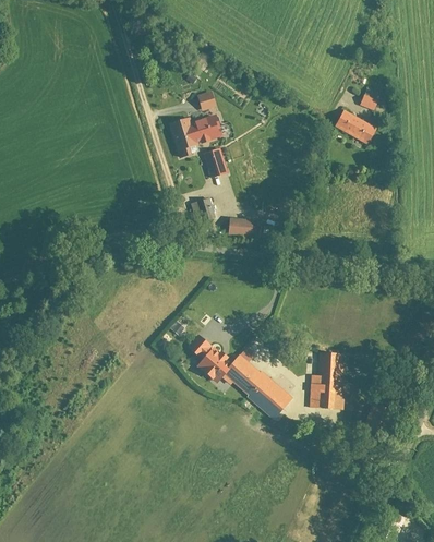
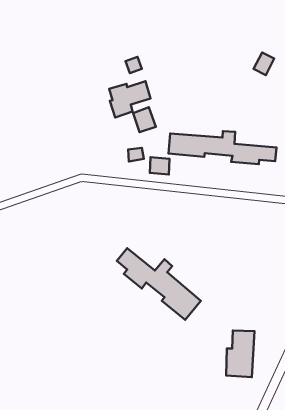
building: [329,105,375,143] -> none
building: none -> [169,131,277,164]
building: [306,347,342,406] -> [226,330,255,377]

